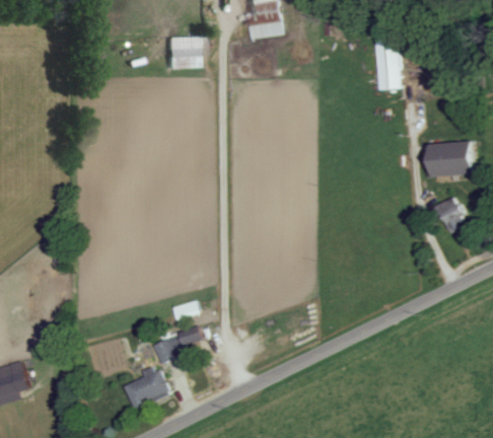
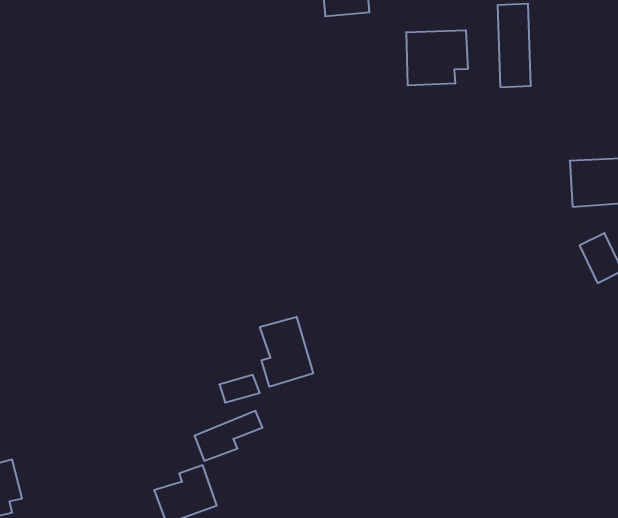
building: [164,36,203,69] -> none
building: none -> [406,30,468,85]
building: none -> [260,317,313,387]

